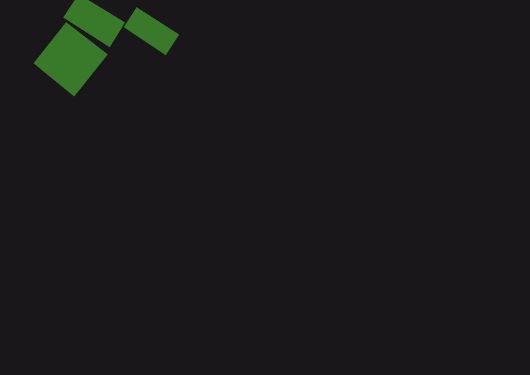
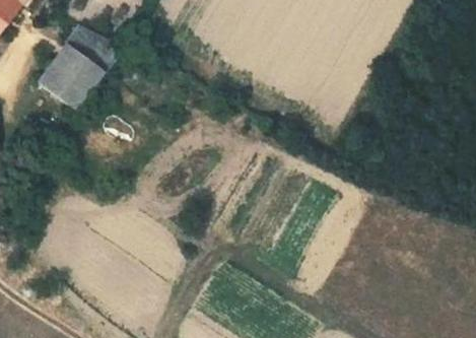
building: [123,6,180,56] -> none

